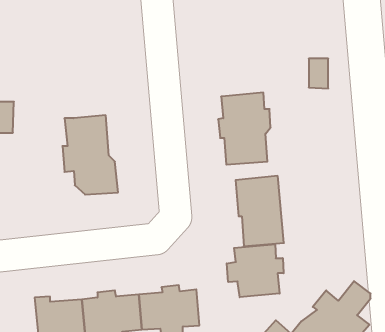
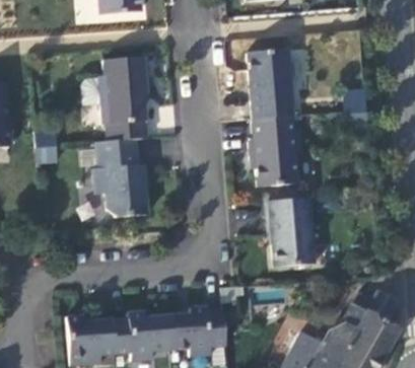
building: none -> [246,50,292,121]
building: none -> [96,58,146,142]
building: [227,244,284,297] -> none

